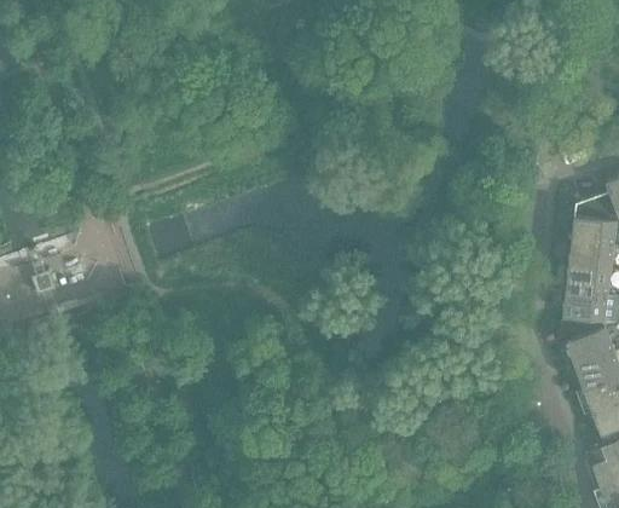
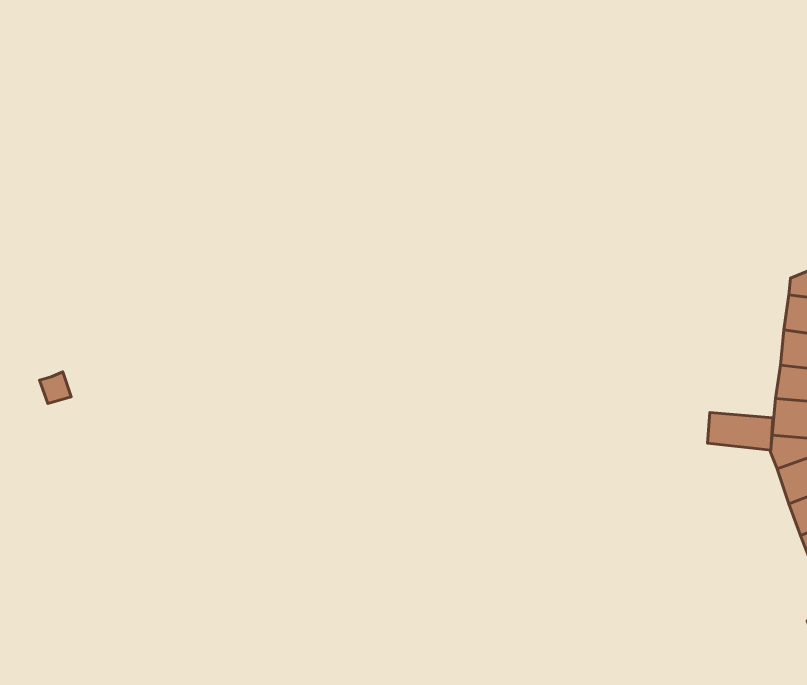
building: none -> [707,413,773,450]

